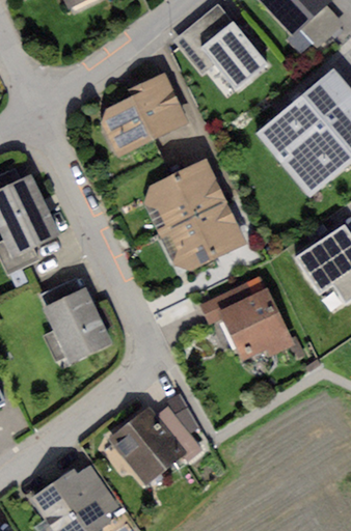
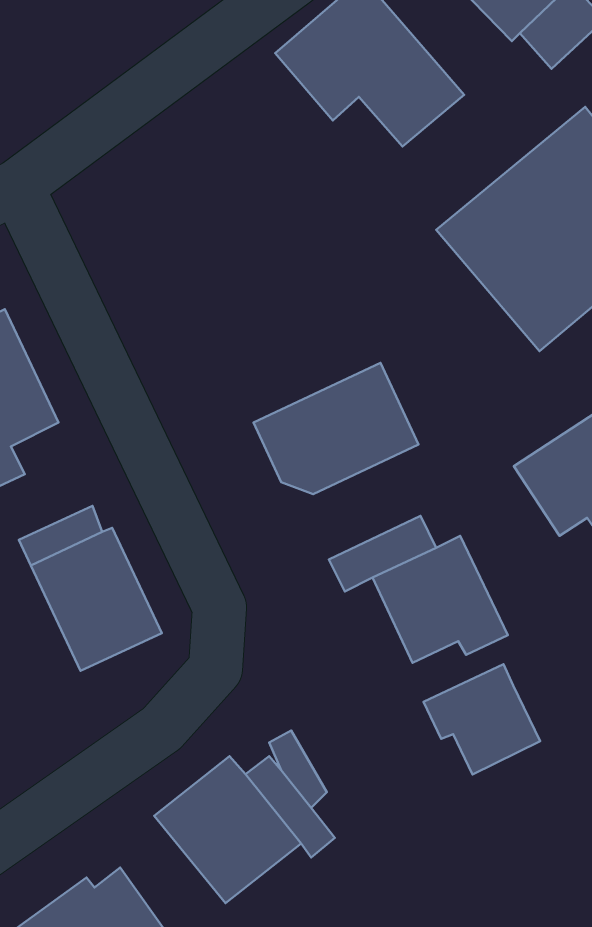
building: [100,74,186,157] -> none
building: [144,159,226,233] -> none
building: none -> [424,664,540,774]

